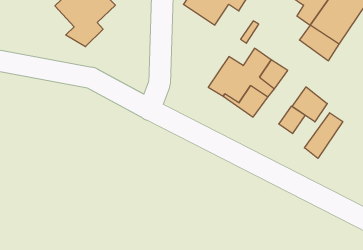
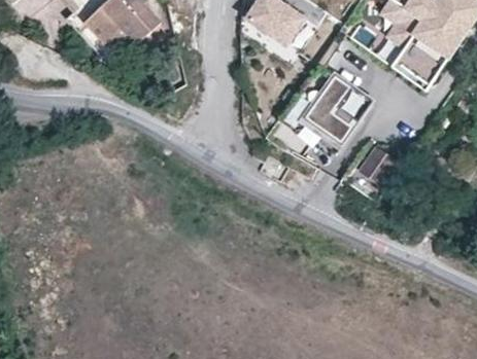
building: [292,87,327,122] -> none
building: [304,113,343,158] -> none

